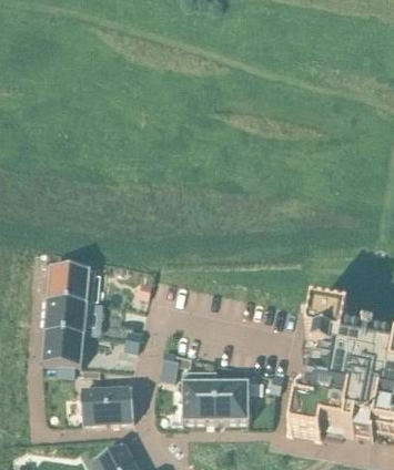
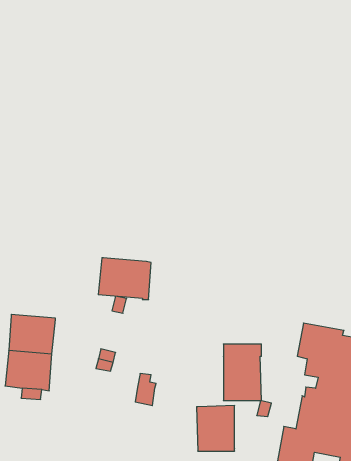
building: [48,264,95,302] -> [98,258,151,300]
building: [182,369,216,420] -> [223,344,261,401]
building: [81,387,134,422] -> none

